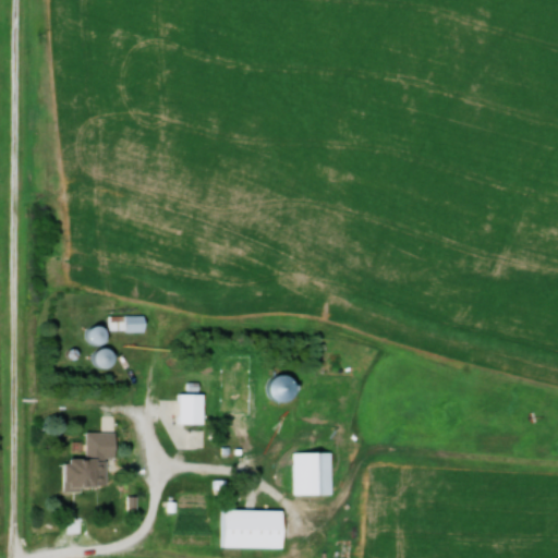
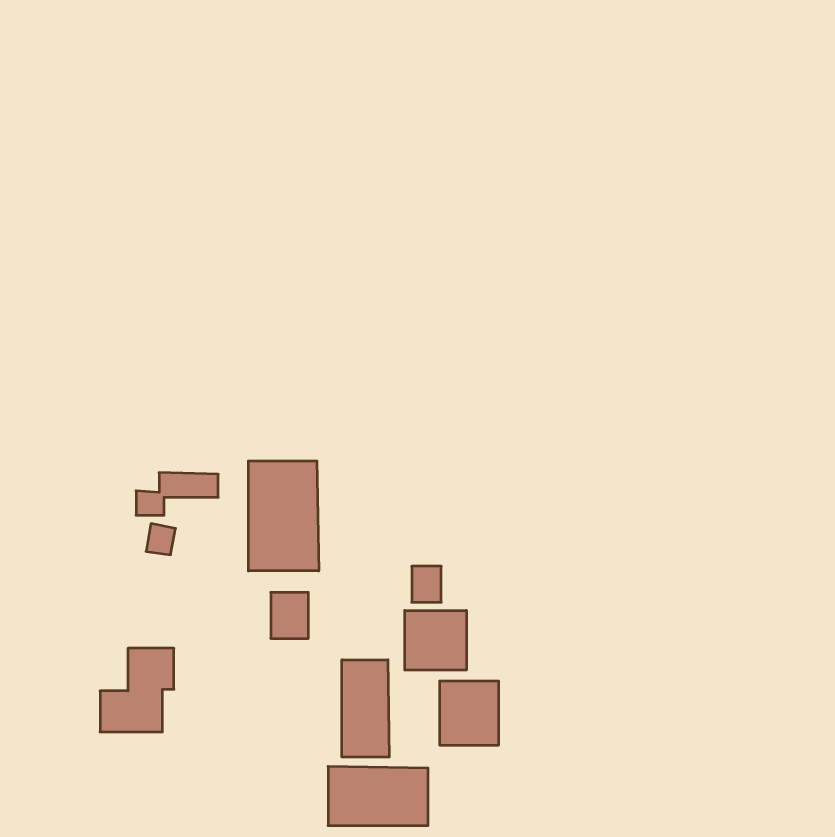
building: none -> [248,461,319,571]
building: none -> [405,610,466,670]
building: none -> [342,660,389,757]

